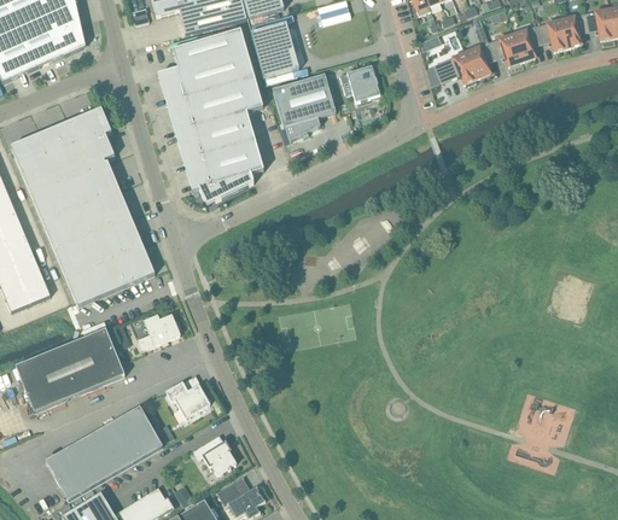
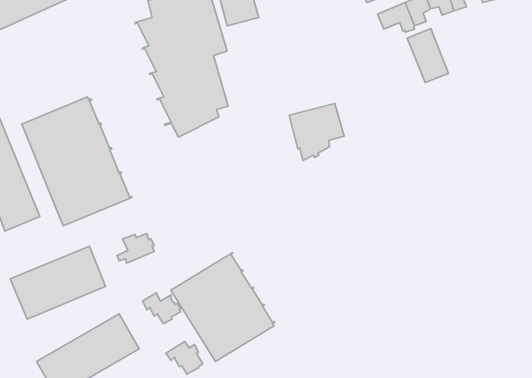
building: [348,65,380,101] -> none
building: [273,75,336,140] -> [289,103,344,161]
building: none -> [407,28,449,83]
building: [11,113,115,189] -> none
building: none -> [171,253,275,361]

